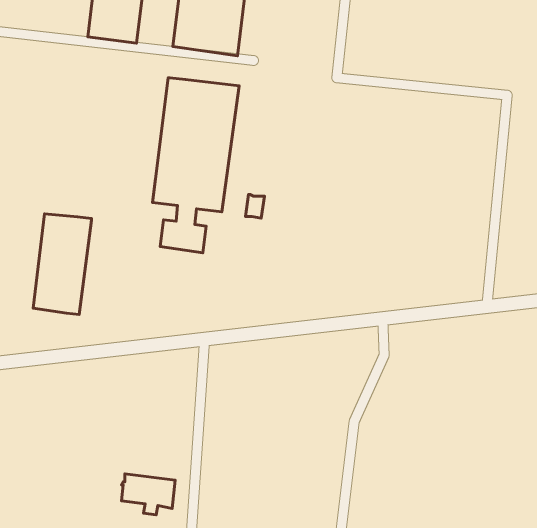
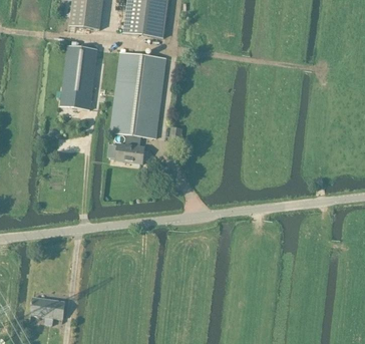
building: [33,214,92,315] -> [61,45,98,109]
building: [122,474,175,515] -> [31,297,65,323]

